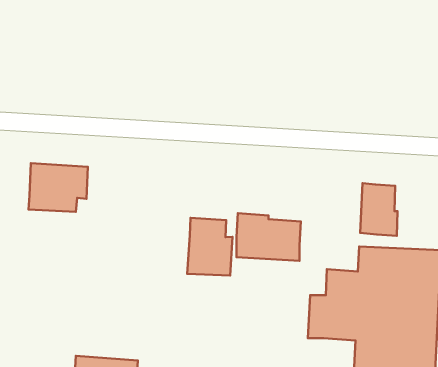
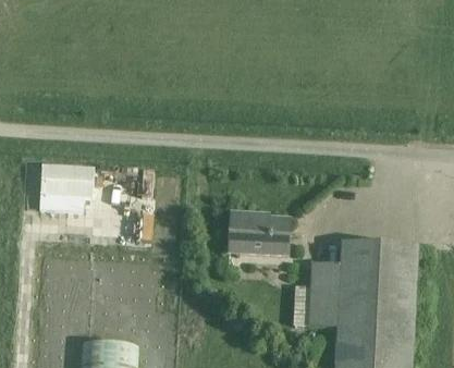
building: [360,183,397,236] -> none
building: [187,218,233,276] -> none

